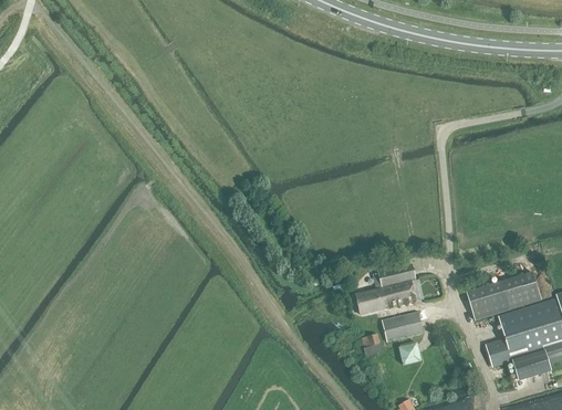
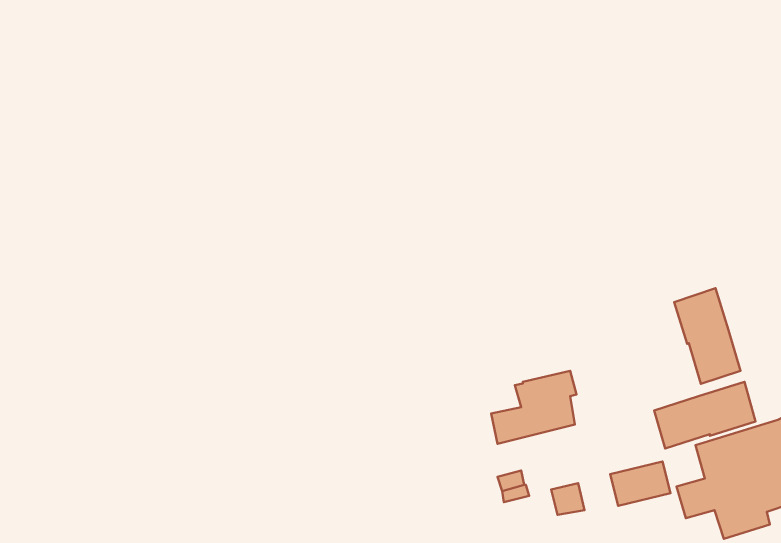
building: none -> [674,288,741,384]
building: [381,311,423,341] -> [610,461,670,506]

